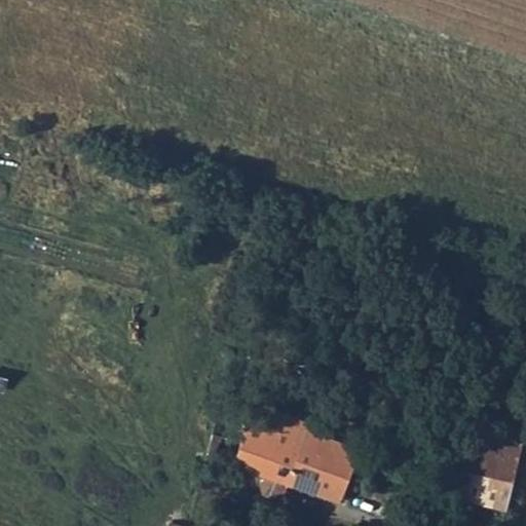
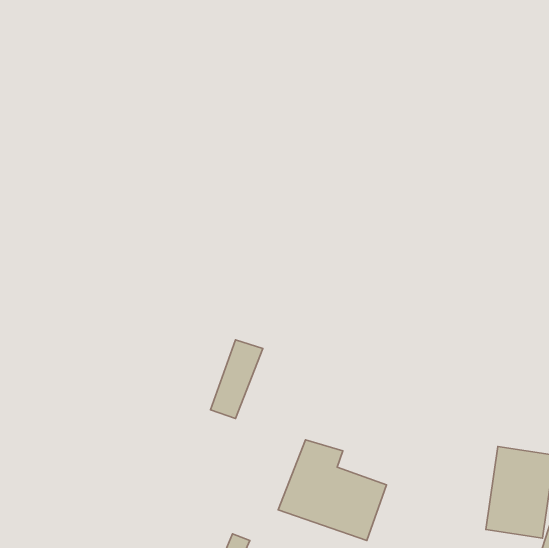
building: [247,415,296,489] -> [211,340,263,418]

